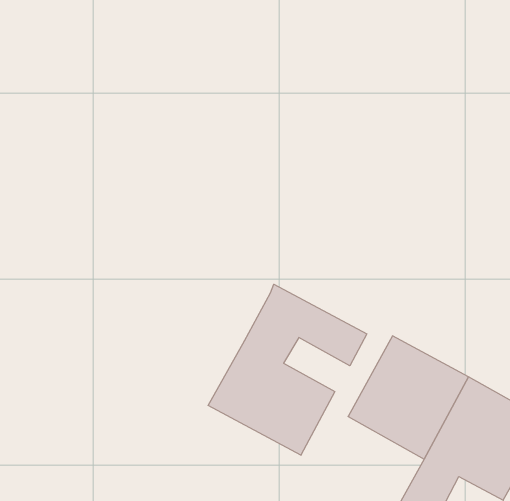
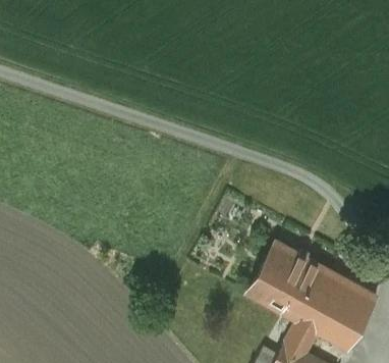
building: [208,284,367,455] -> none

